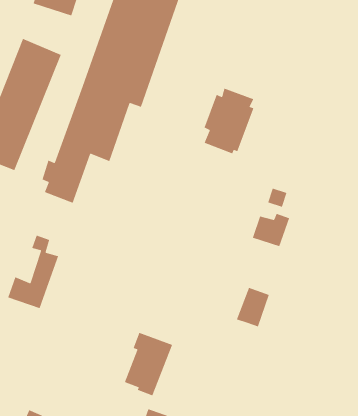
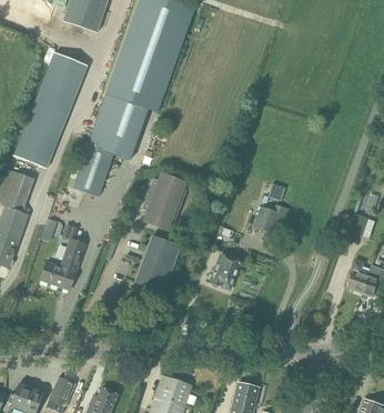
building: [204,87,254,155] -> [142,172,186,231]
building: [236,287,270,327] -> [210,253,240,289]
building: [124,332,173,397] -> [138,235,181,292]

